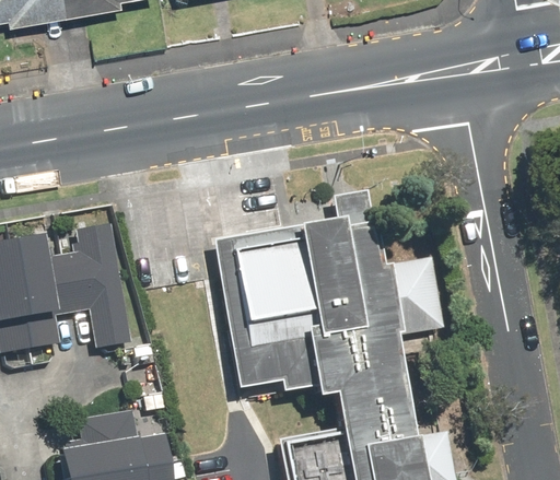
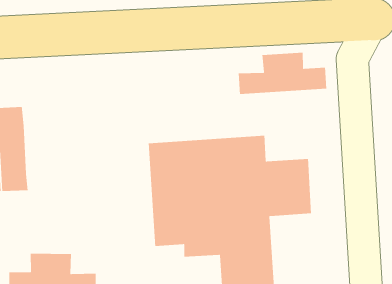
building: none -> [238,52,327,95]
building: [57,225,125,348] -> none

